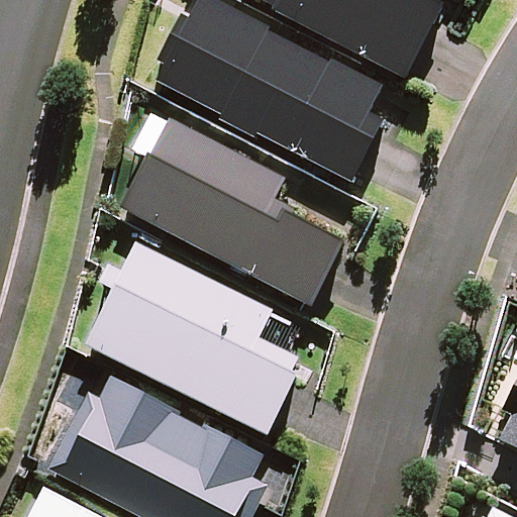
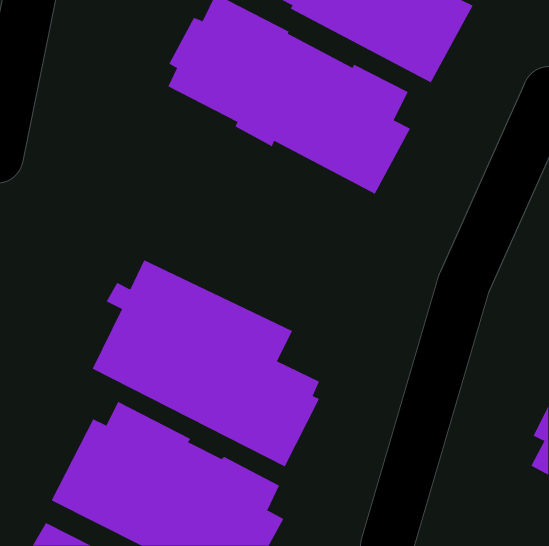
building: [122,112,344,307] -> none

